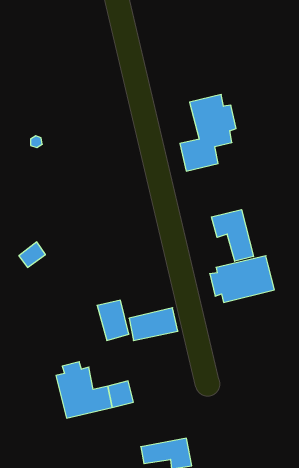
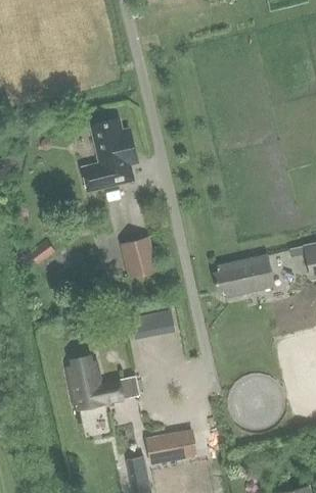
building: [180,95,236,171] -> [81,116,135,190]
building: [211,210,253,261] -> none
building: [97,300,129,340] -> [127,238,157,277]

